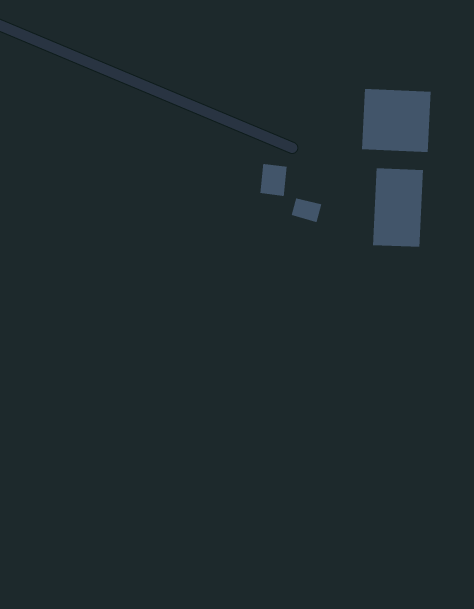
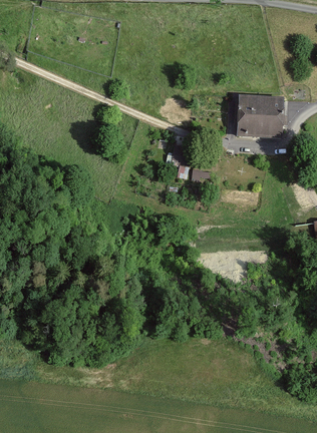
building: [373,168,423,248] -> none

